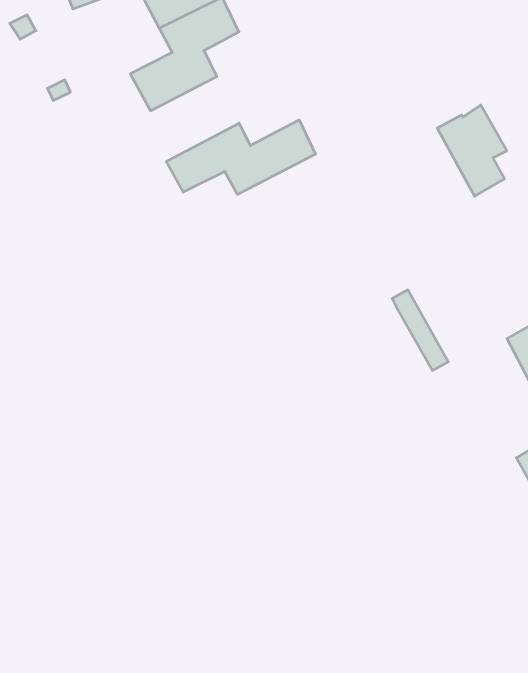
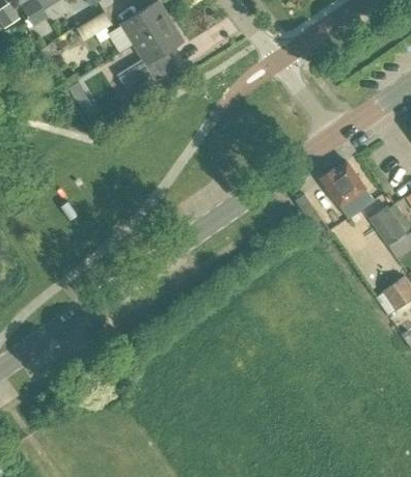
building: [437,105,507,196] -> [321,161,365,218]
building: [166,120,316,194] -> none

